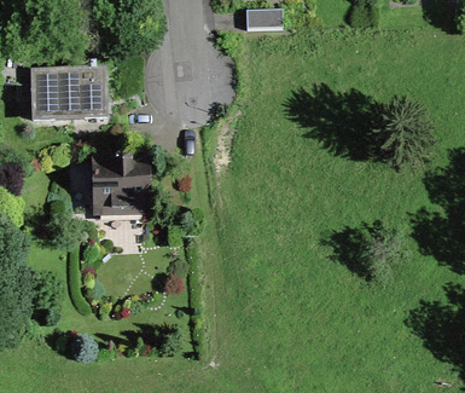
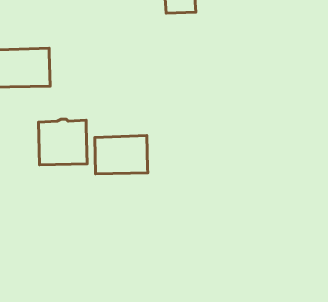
building: none -> [95,136,148,174]

